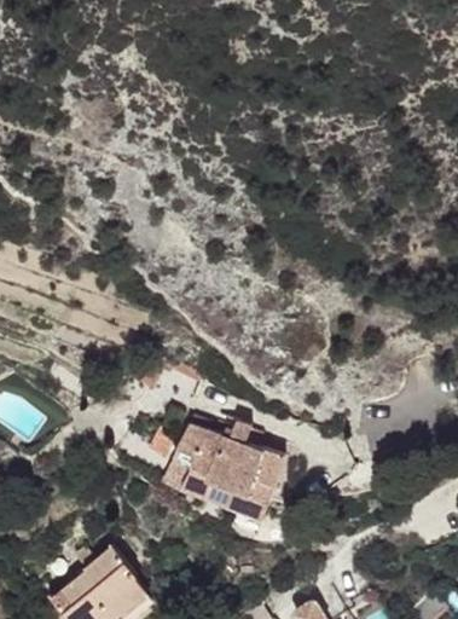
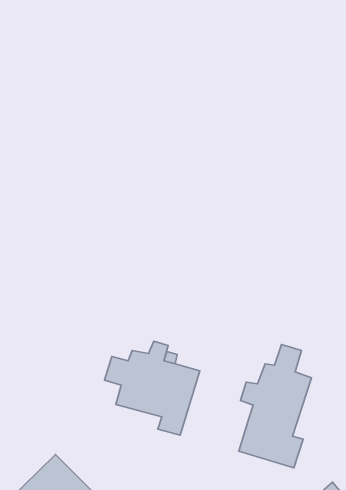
building: none -> [239,345,311,468]

